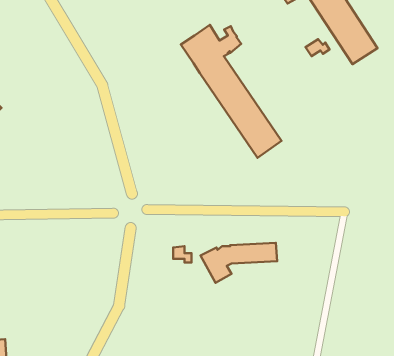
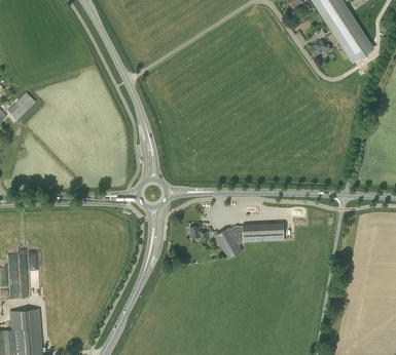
building: [181,25,281,158] -> none

